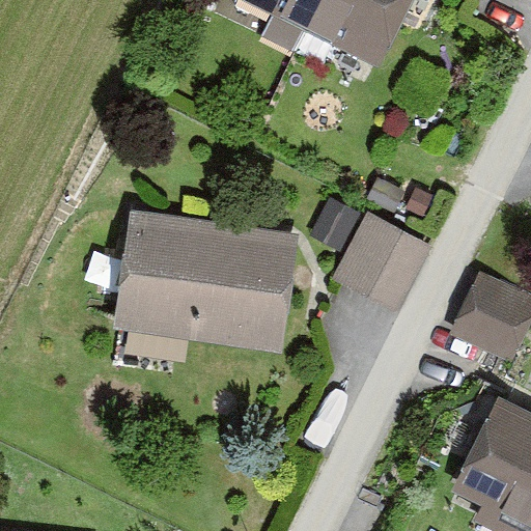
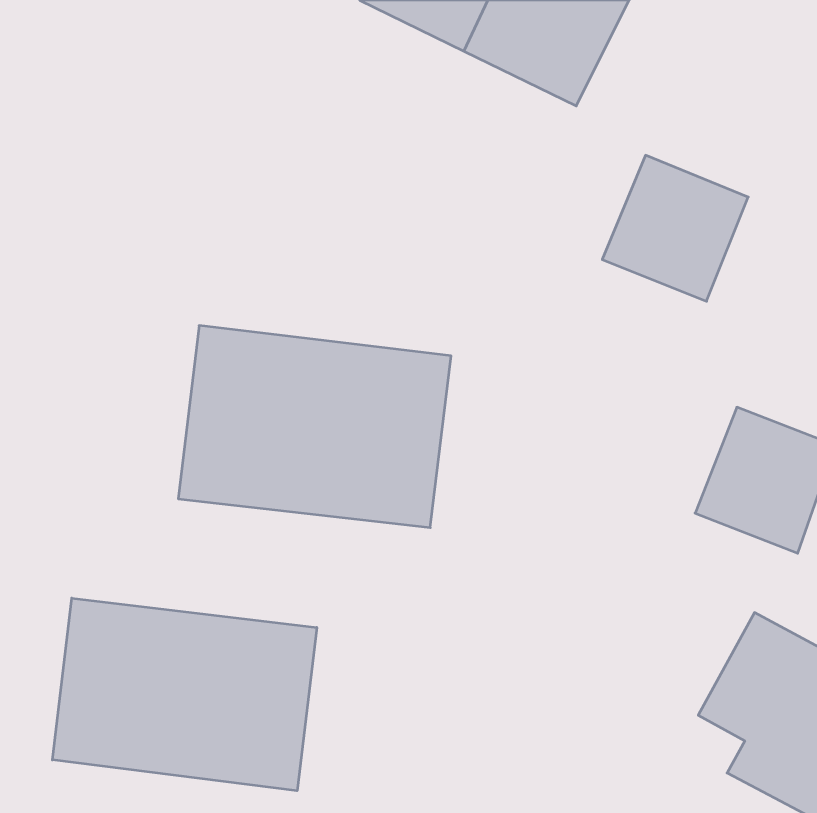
building: [337,212,431,306] -> [602,155,748,301]
building: none -> [52,598,317,791]

